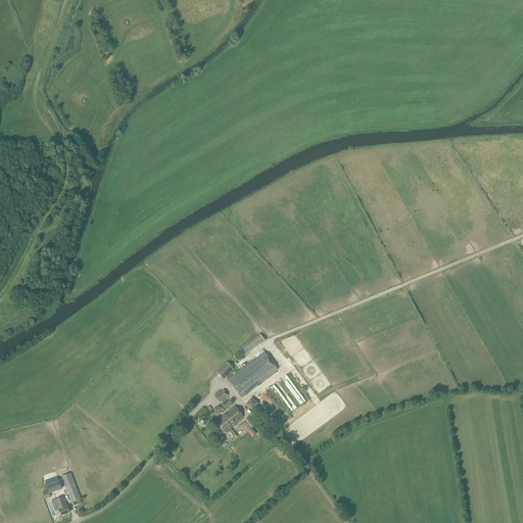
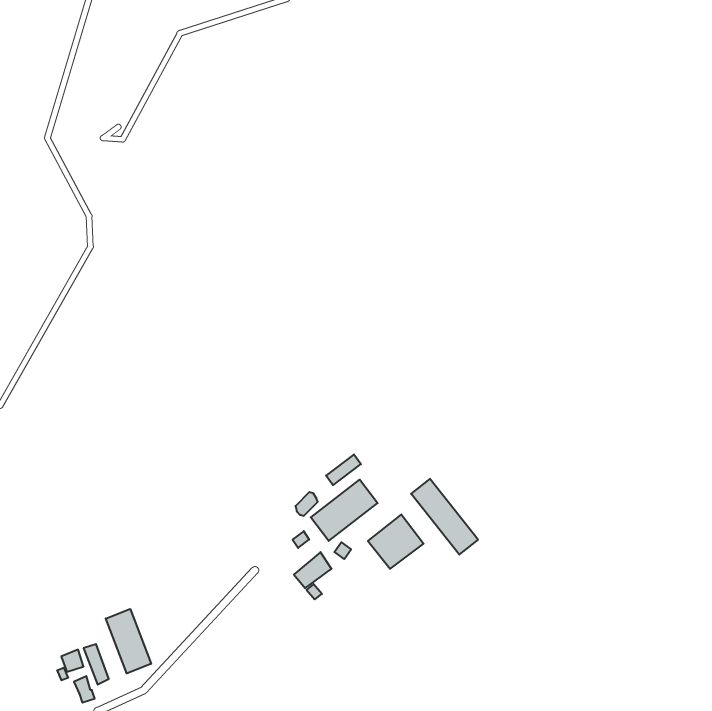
building: none -> [411,479,478,555]
building: none -> [106,609,151,673]

